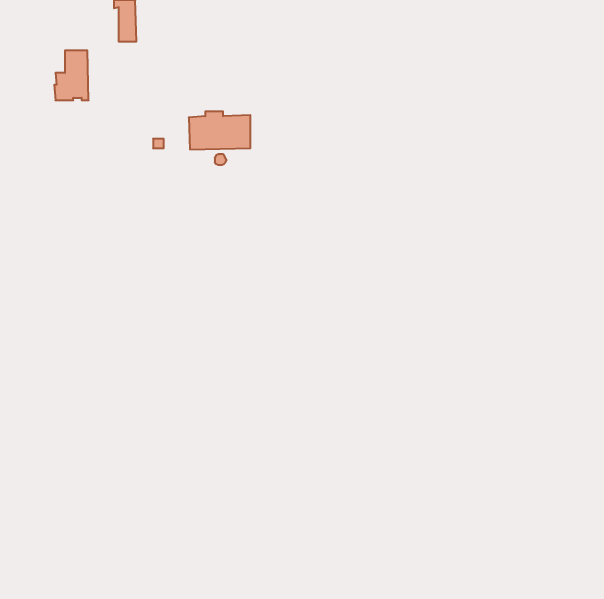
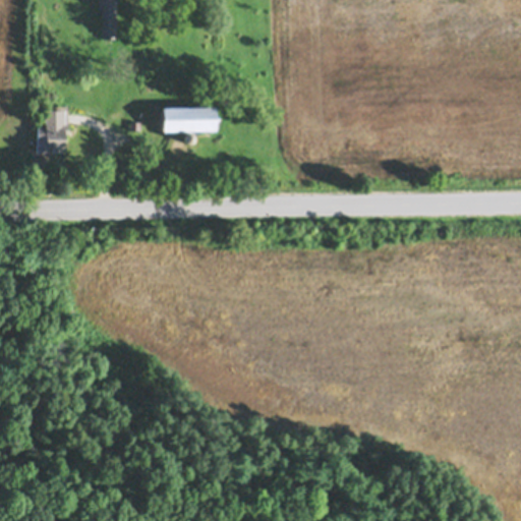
building: [54,50,89,100] -> [38,111,67,154]

